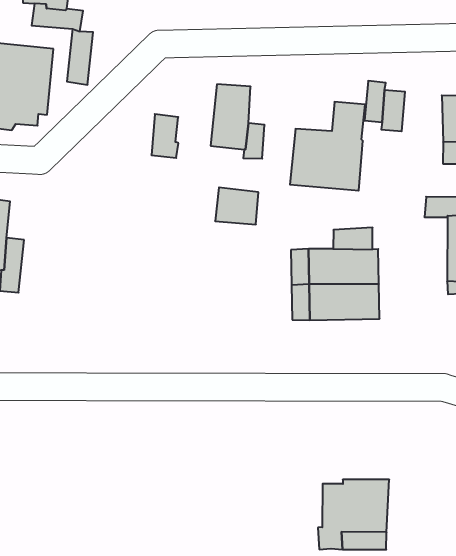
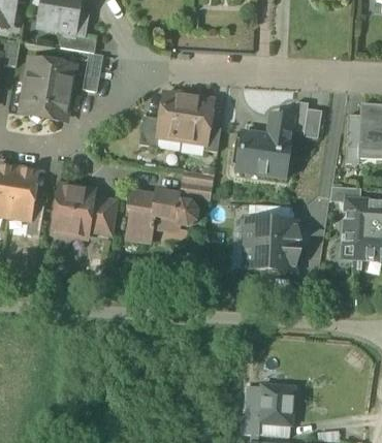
building: none -> [157,92,189,139]
building: none -> [128,190,195,240]
building: none -> [54,185,117,233]

